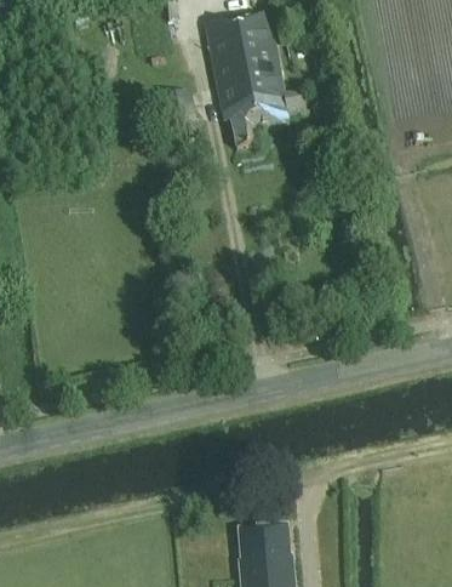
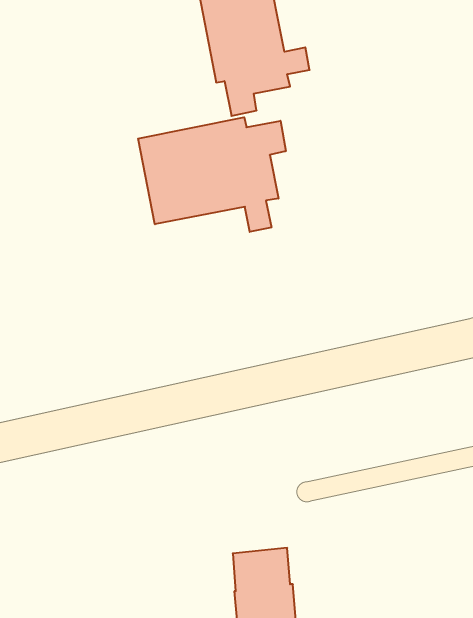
building: none -> [138,117,286,232]

